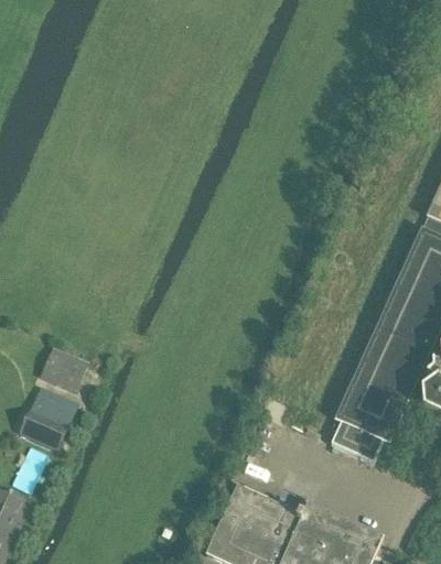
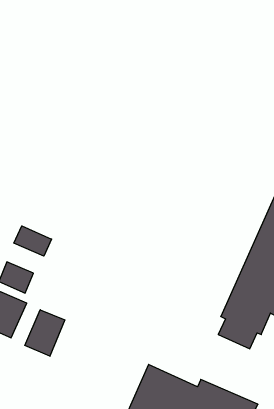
building: none -> [14,226,52,256]
building: none -> [25,310,65,356]

